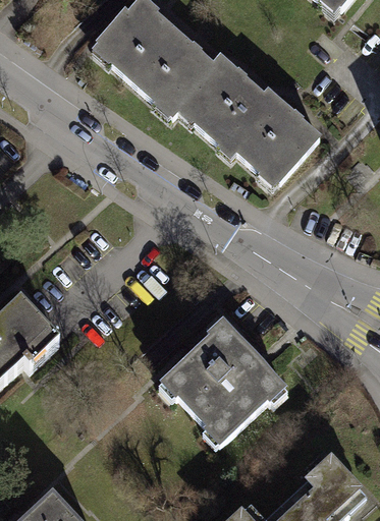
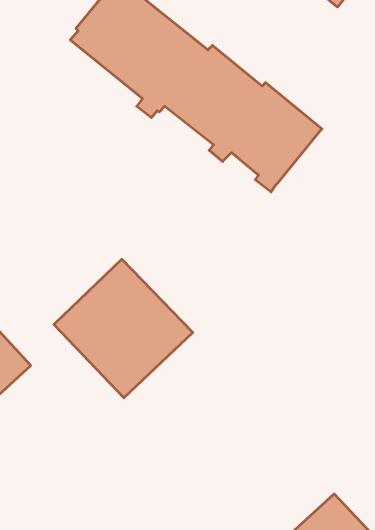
building: [156,320,281,445] -> [54,259,193,398]

